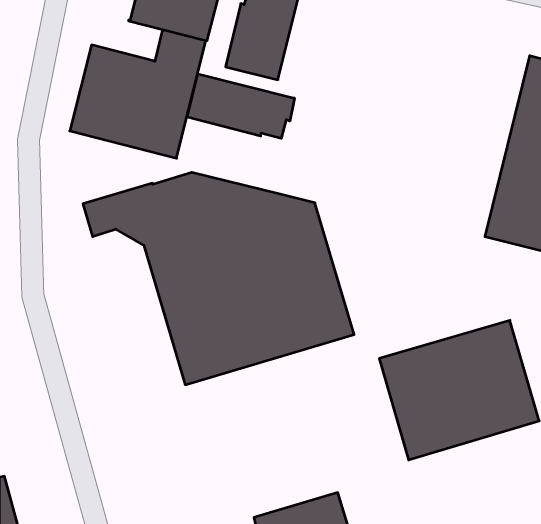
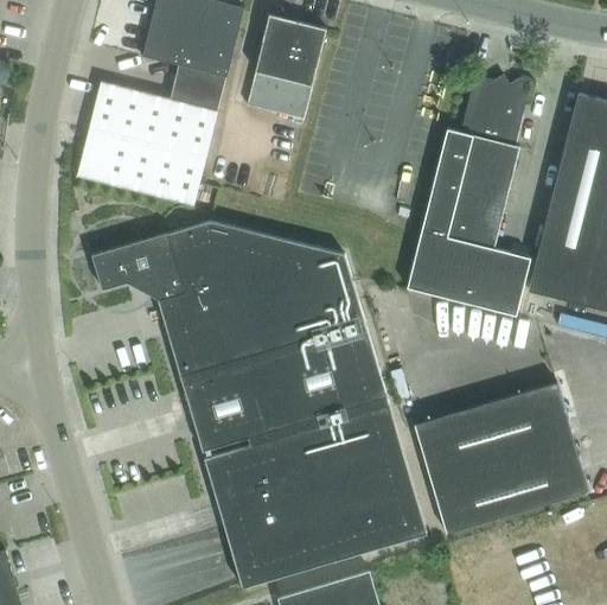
building: none -> [407,74,535,316]
building: [187,74,294,138] -> none
building: none -> [204,405,427,588]

